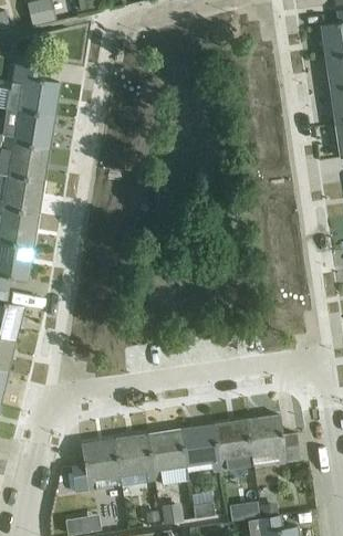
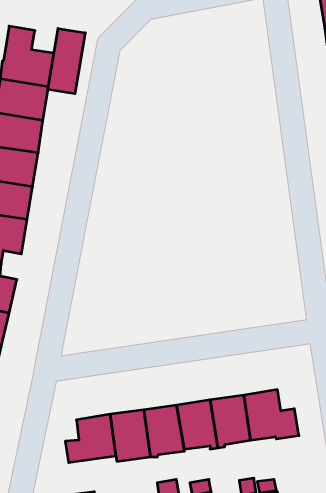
building: none -> [48,28,85,94]

